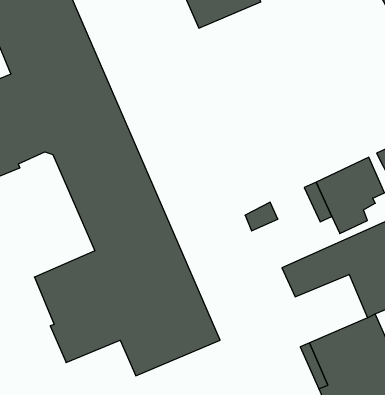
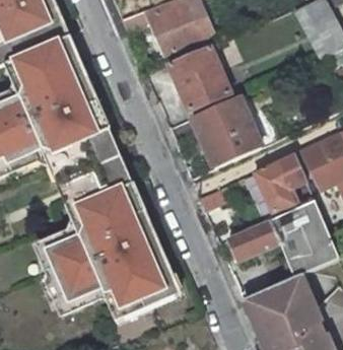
building: none -> [168,46,230,110]
building: none -> [193,95,262,168]

